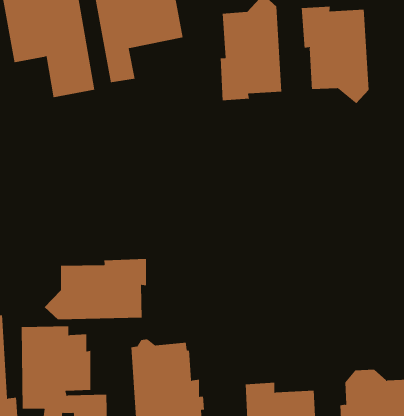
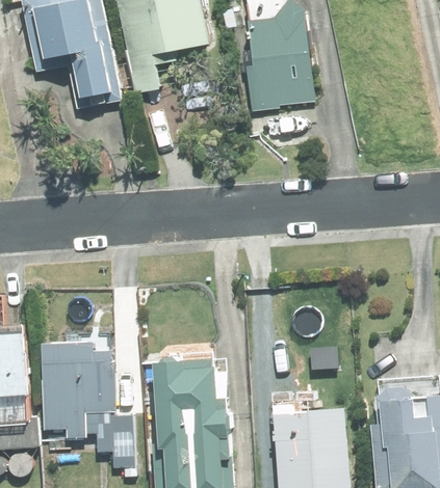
building: [301,6,369,104] -> none
building: [44,258,147,320] -> none

